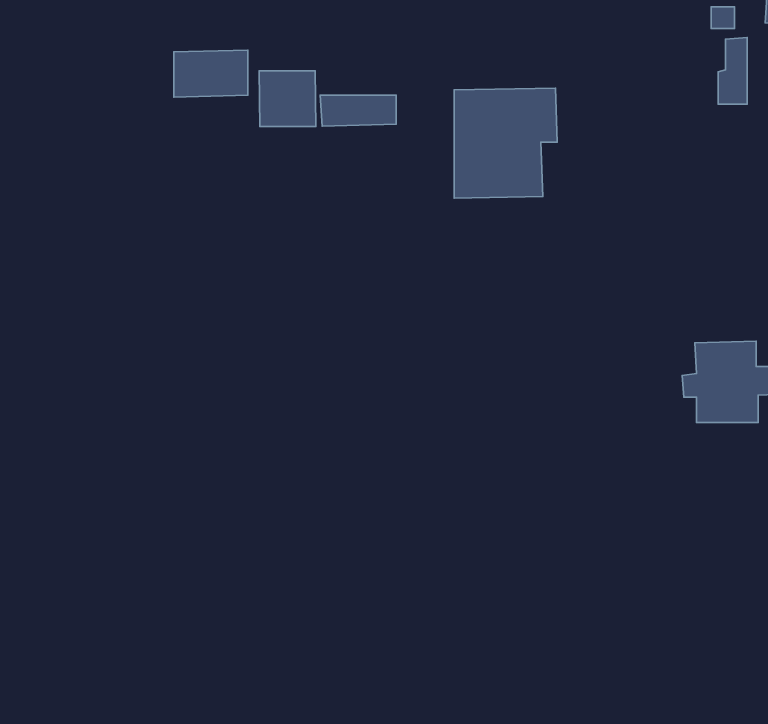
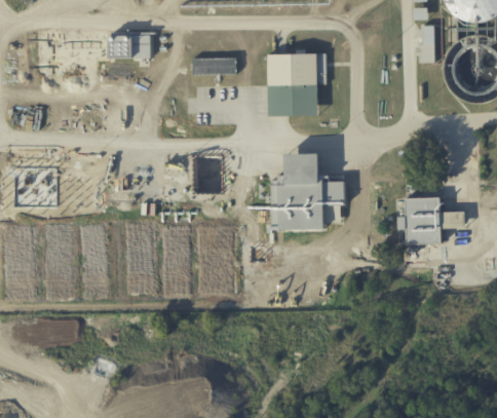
building: [259,71,316,126] -> none
building: none -> [271,153,345,230]

